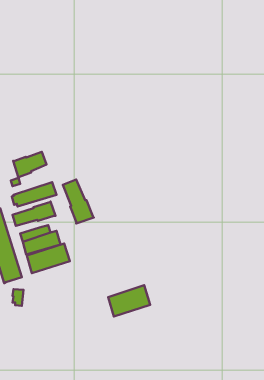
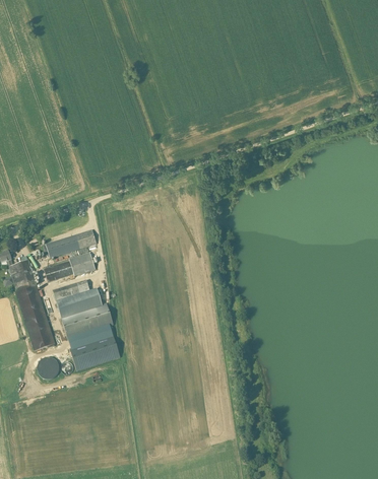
building: [13,152,46,178] -> none
building: [63,180,94,224] -> none
building: [108,285,150,316] -> [69,335,120,372]

